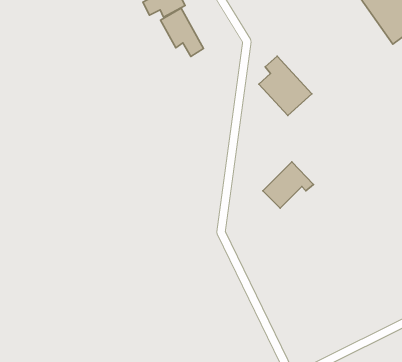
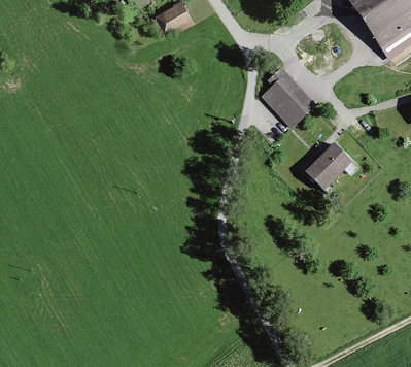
building: [161,8,203,56] -> none
building: [263,162,314,208] -> [306,145,354,190]

